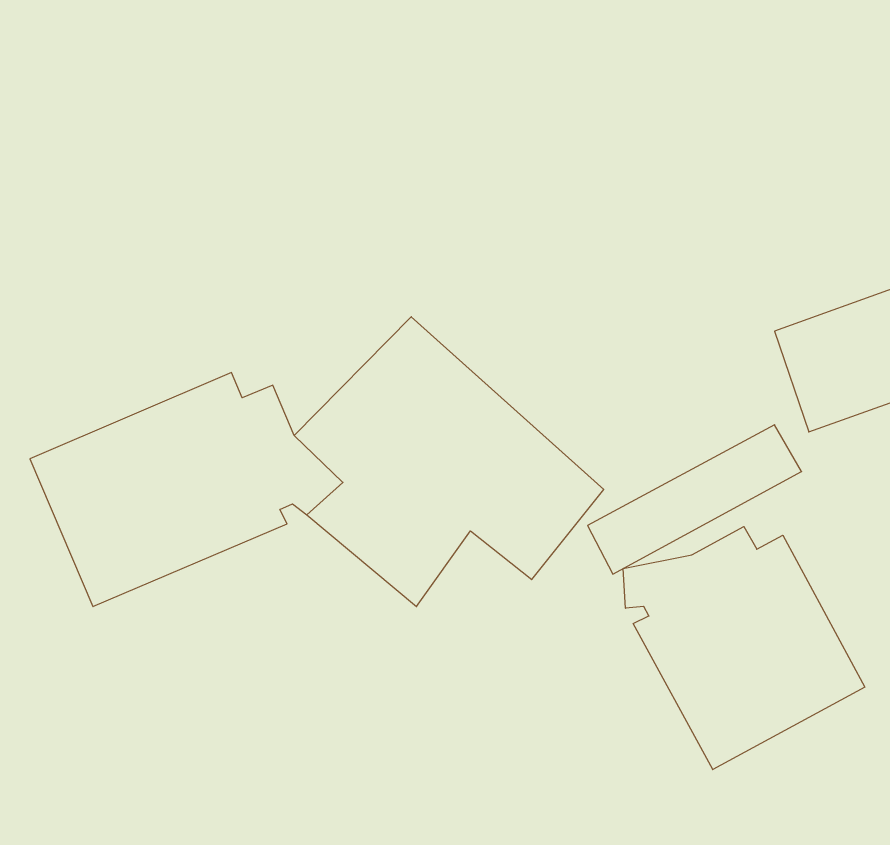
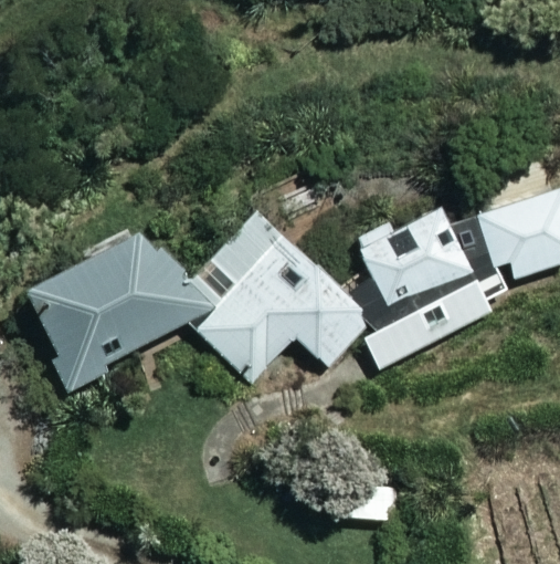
building: none -> [358,202,476,306]
building: [623,527,865,770] -> none

